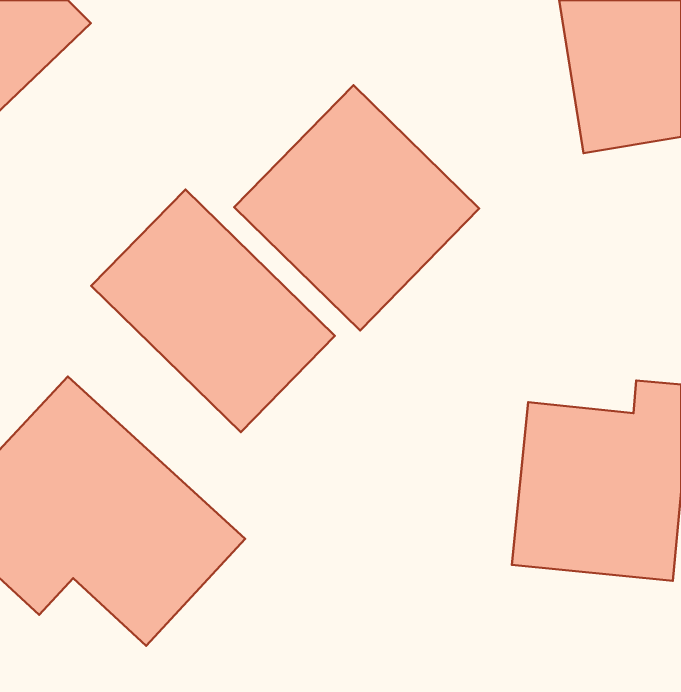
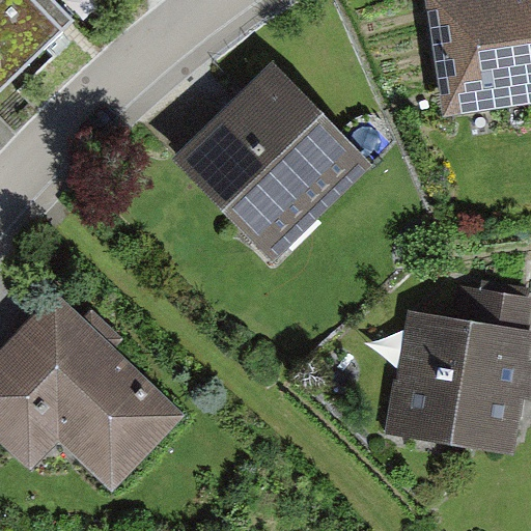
building: [91,190,335,432] -> none

